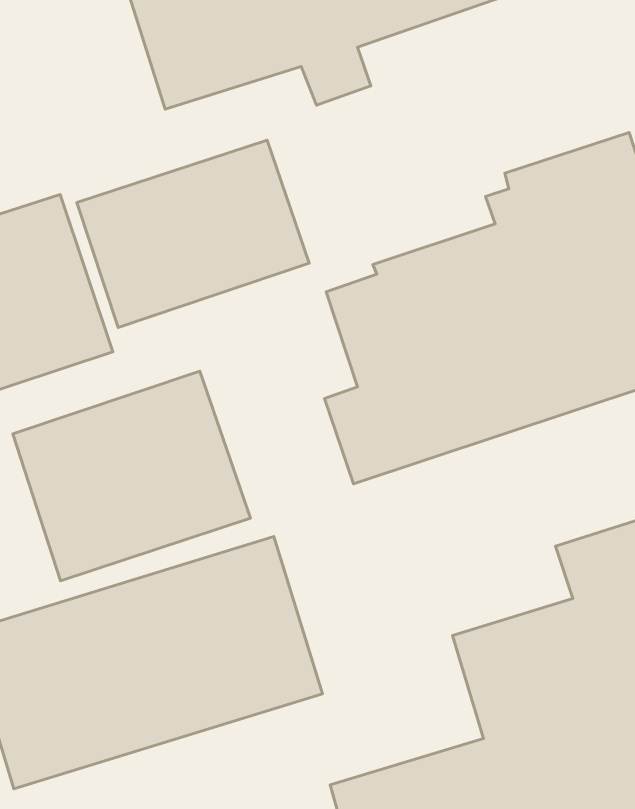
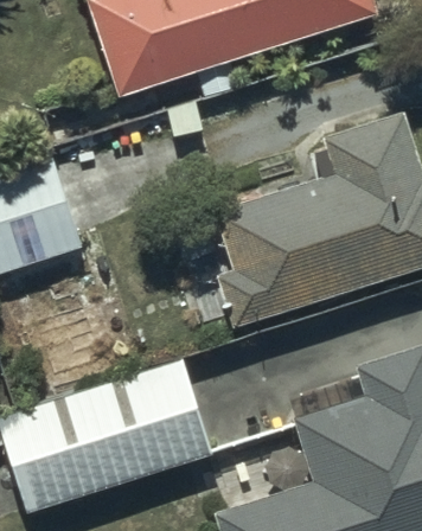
building: [77,140,309,328] -> none
building: [13,371,251,581] -> none

